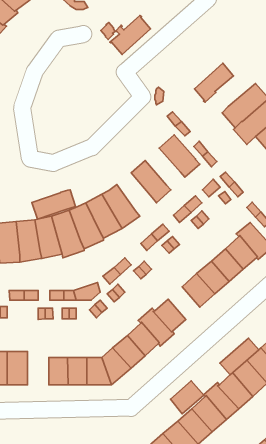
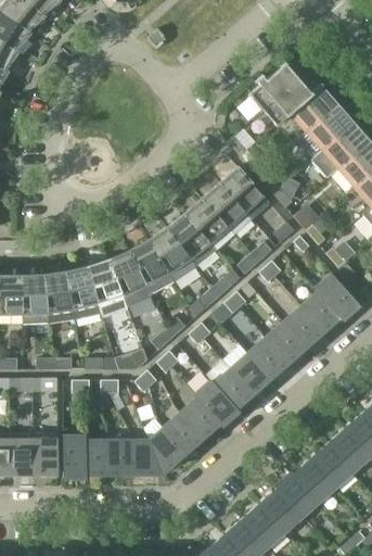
building: [110,16,150,54] -> [247,63,297,111]
building: none -> [287,84,337,132]
building: none -> [202,184,251,235]
building: none -> [167,214,216,267]
building: [32,190,76,219] -> none
building: none -> [222,345,269,394]
building: [220,338,259,375] -> none
building: none -> [63,437,85,478]
building: [171,381,204,414] -> none

